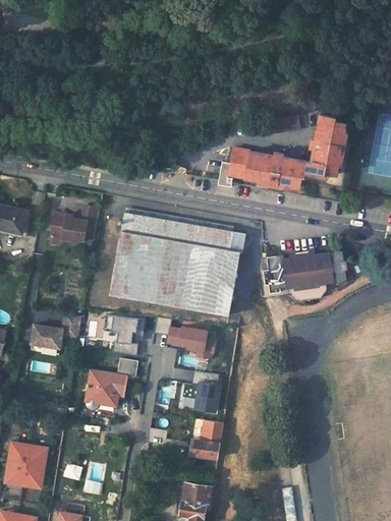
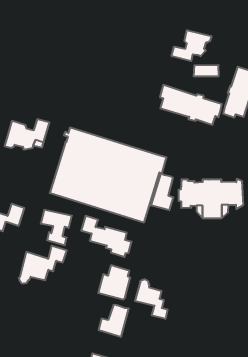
building: none -> [172,30,211,61]
building: none -> [151,173,173,210]
building: none -> [135,279,167,319]

